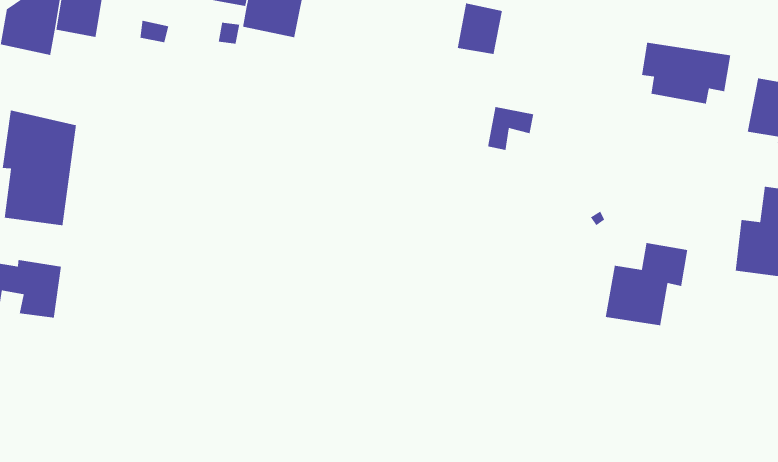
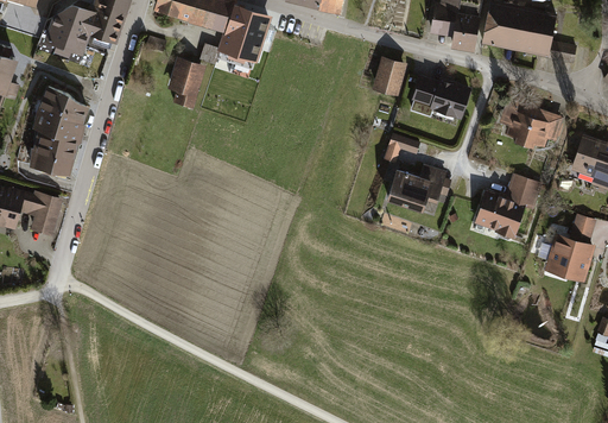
building: none -> [410,75,469,120]
building: none -> [166,56,204,107]
building: none -> [384,162,449,214]
building: [605,242,688,326] -> [475,177,542,239]

